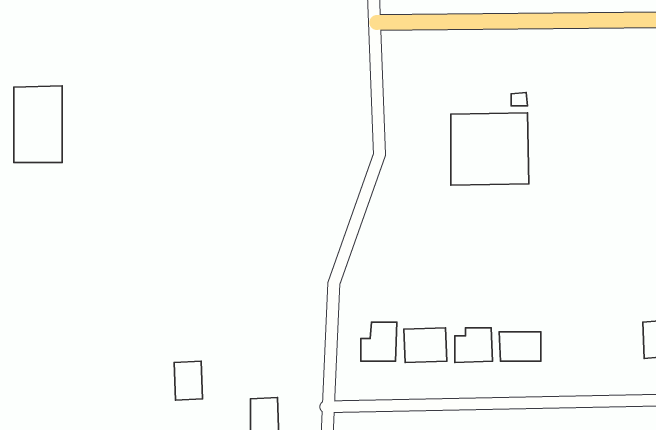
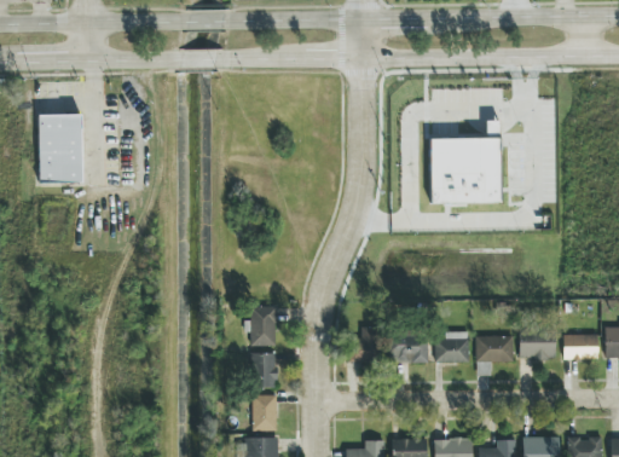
building: none -> [250,306,277,346]
building: none -> [519,330,556,359]
building: none -> [563,334,598,359]
building: [174,361,203,400] -> [251,352,277,387]

